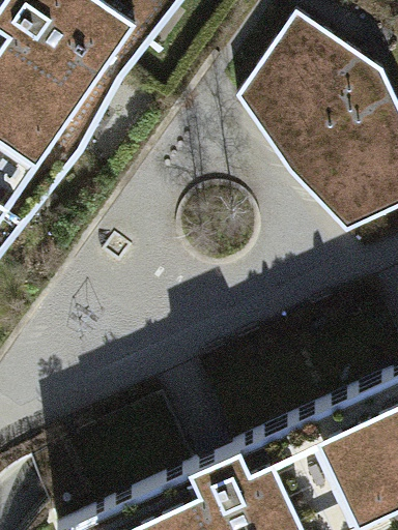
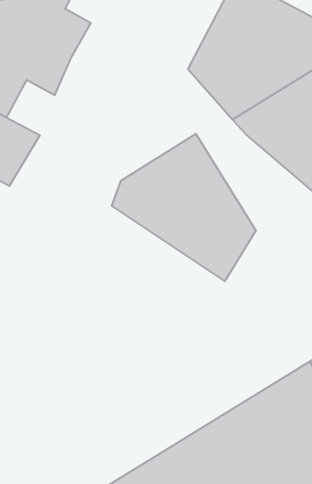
building: none -> [112,134,256,281]

